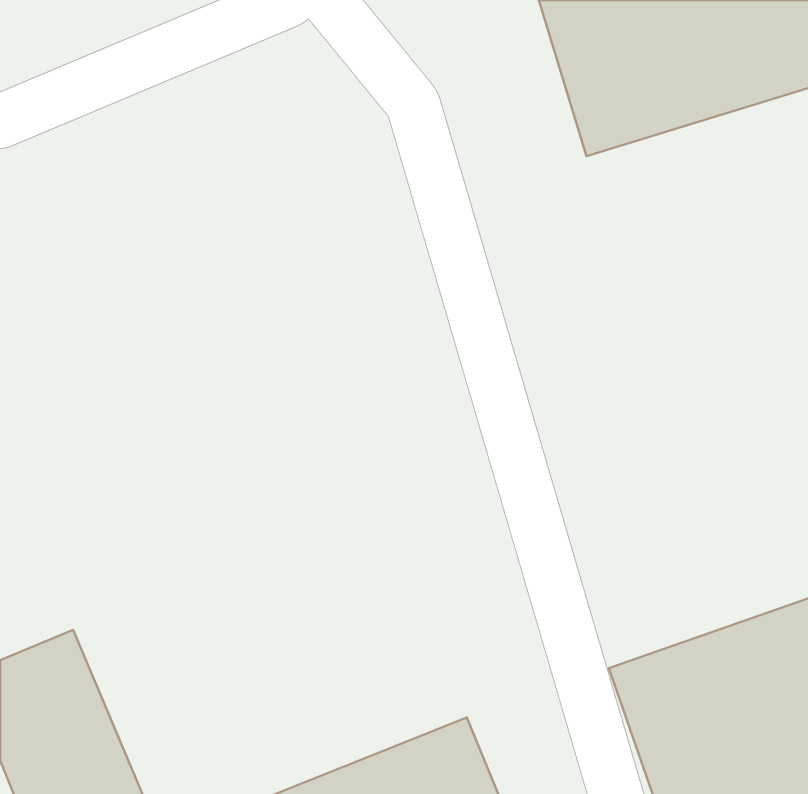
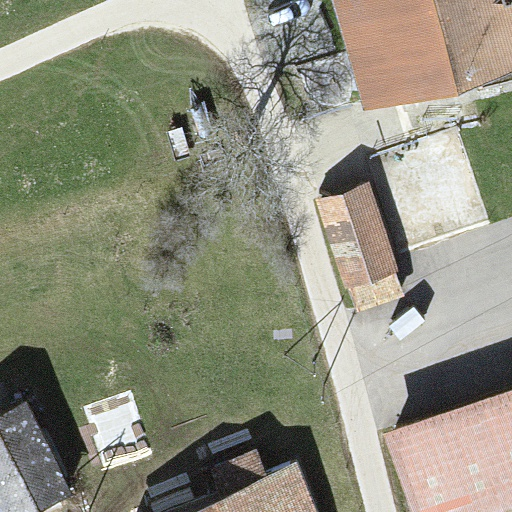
building: none -> [315,189,396,301]

